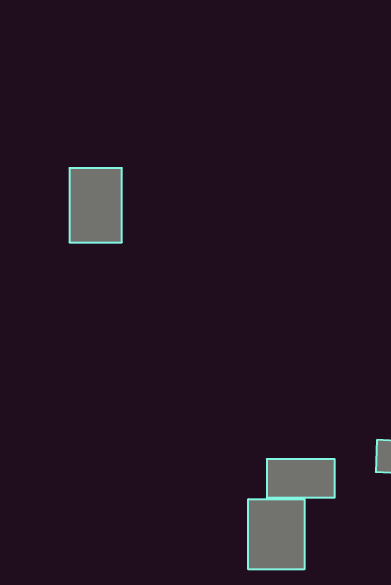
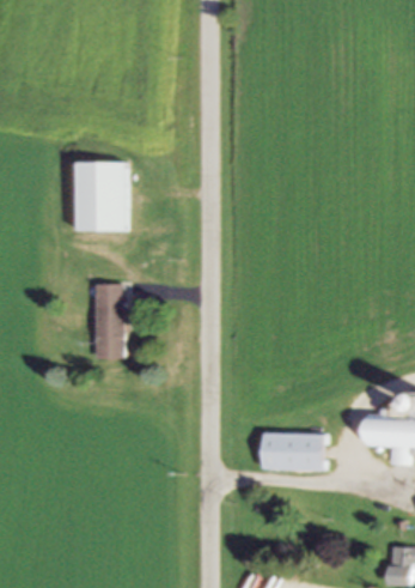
building: none -> [96,284,123,359]
building: [248,499,304,569] -> none

